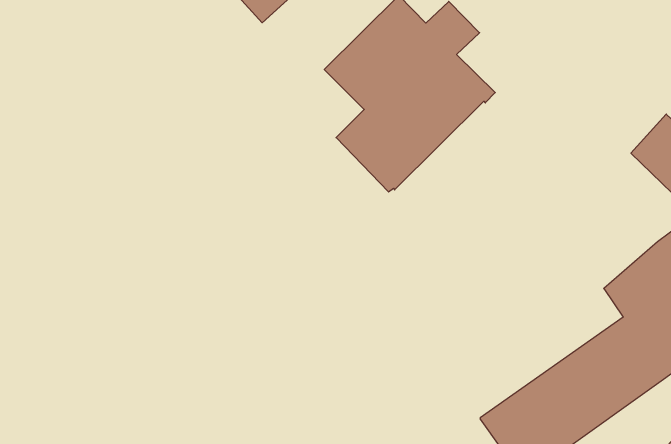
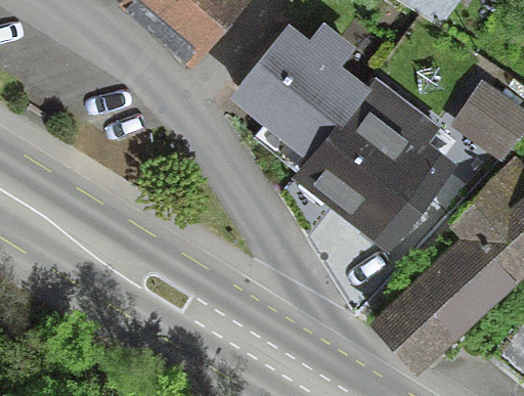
building: none -> [305,83,448,236]

